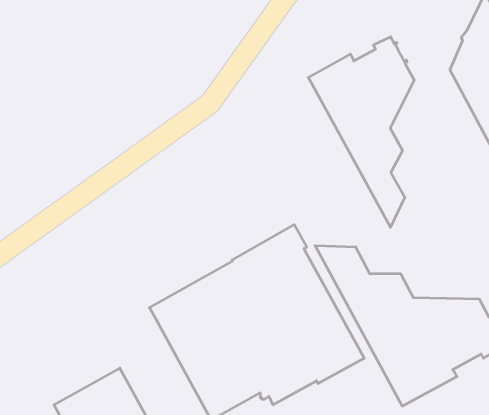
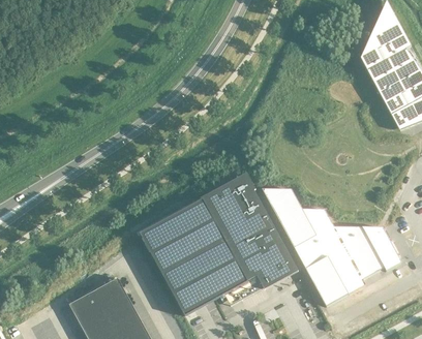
building: [308,37,414,227] -> none

